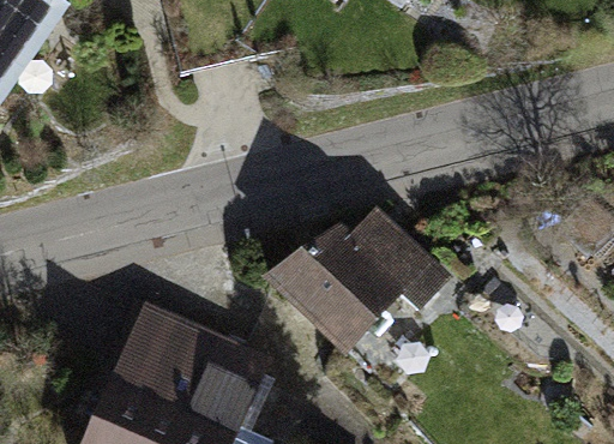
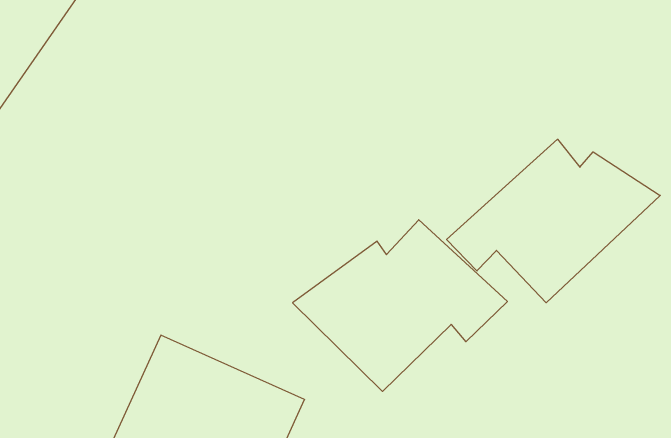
building: none -> [447,139,660,303]

